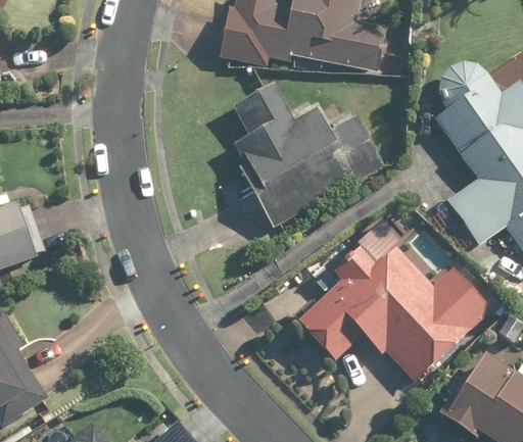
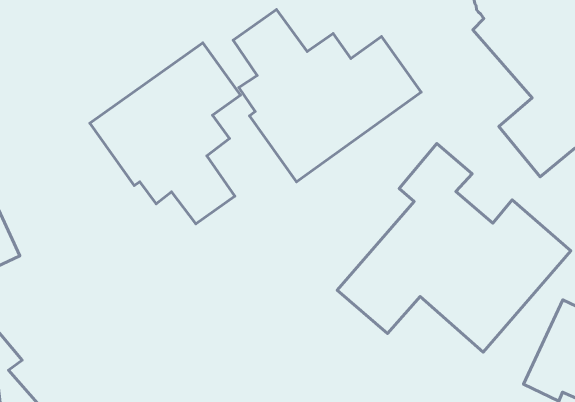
building: none -> [90,43,240,224]

